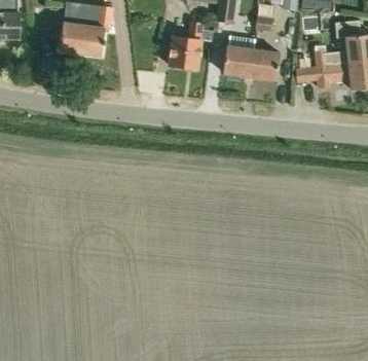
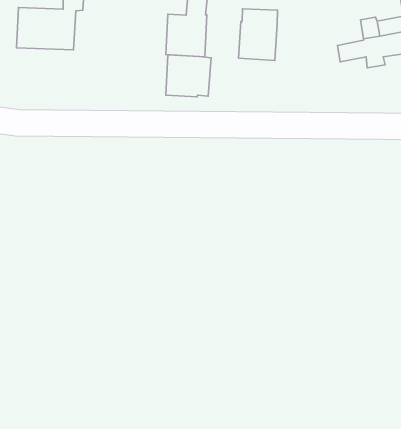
building: [249,49,280,79] -> none
building: none -> [166,55,211,97]

